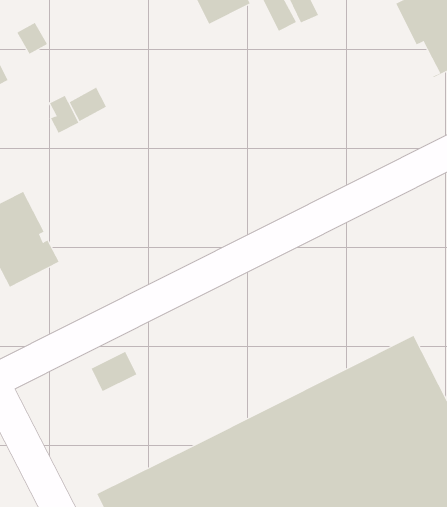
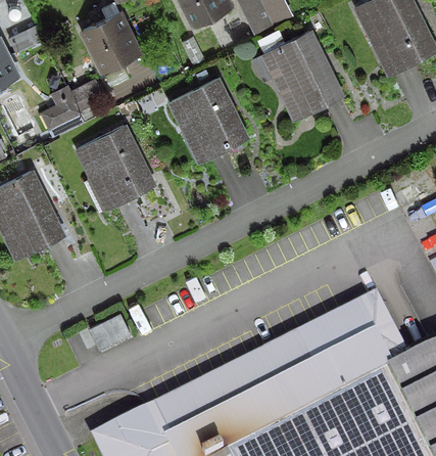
building: none -> [82,12,139,71]
building: none -> [258,31,340,118]
building: none -> [171,79,245,162]
building: none -> [78,126,152,210]

